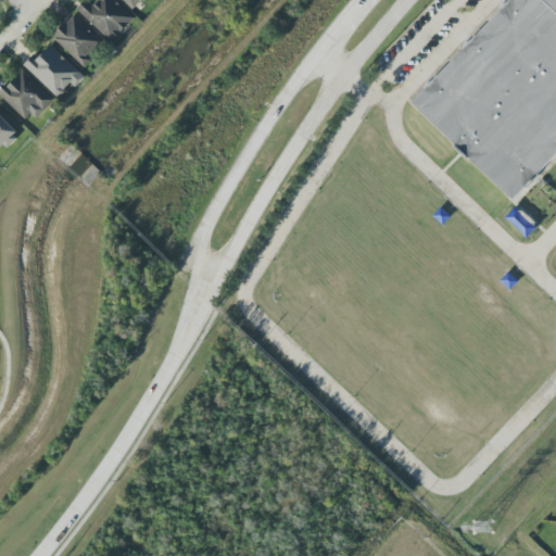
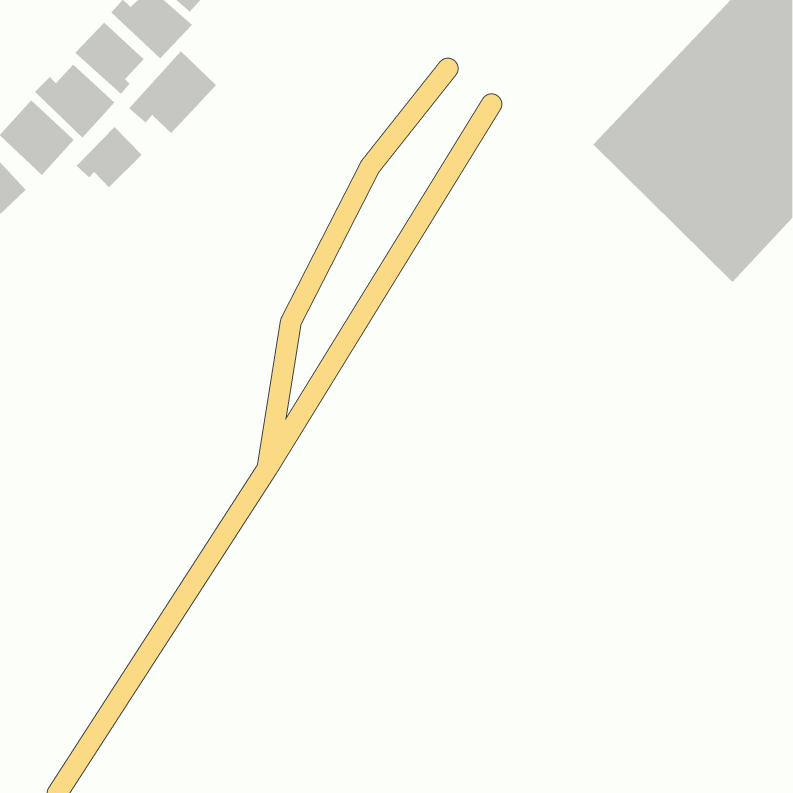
building: none -> [128,50,217,134]
building: none -> [76,126,143,188]

